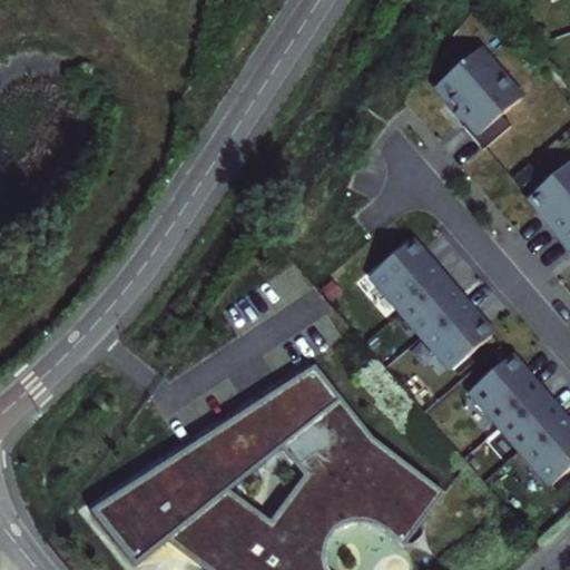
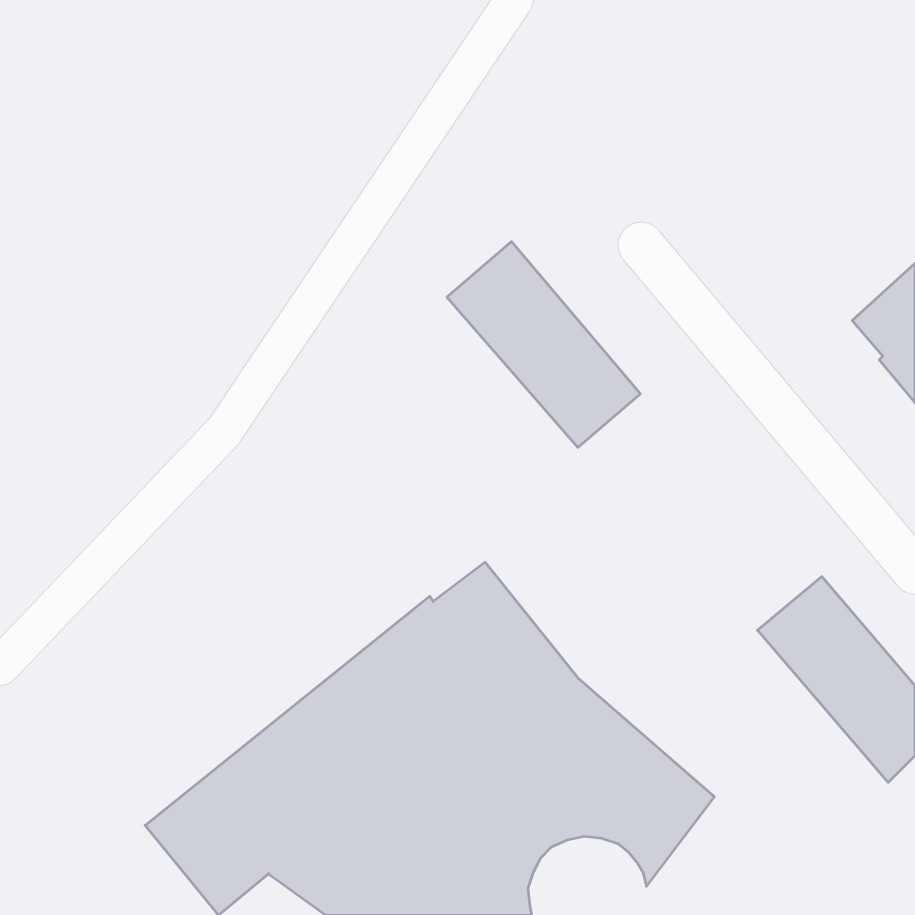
building: [436,53,522,153] -> none
building: [372,243,492,371] -> [447,242,640,447]

